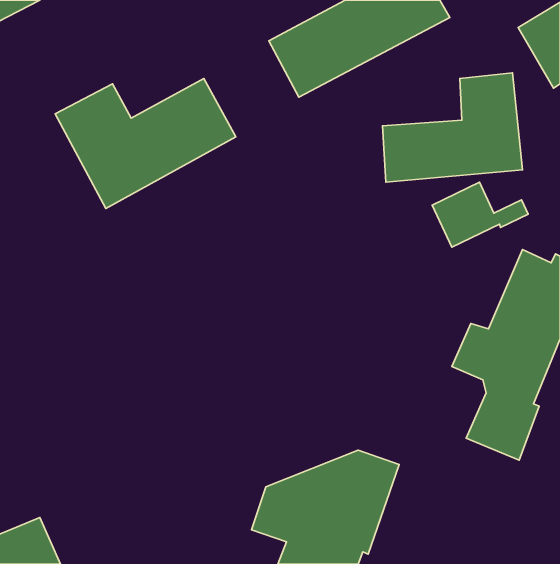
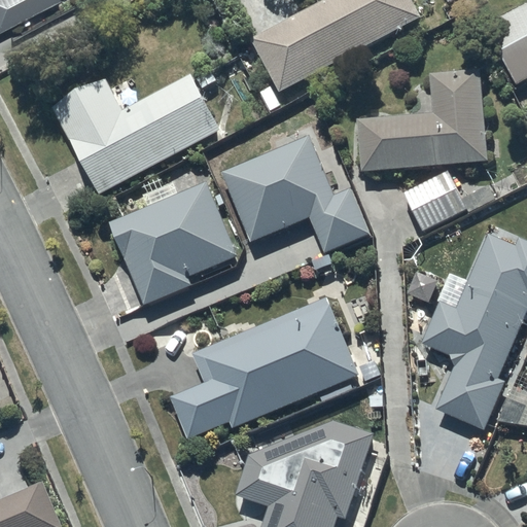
building: none -> [221,134,370,252]
building: none -> [109,182,236,304]
building: none -> [171,295,359,438]

